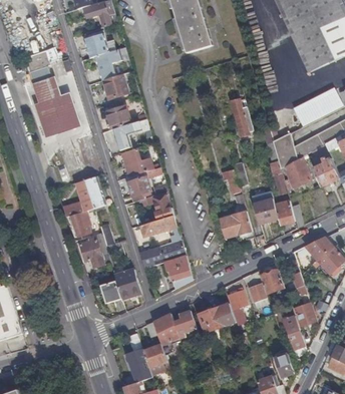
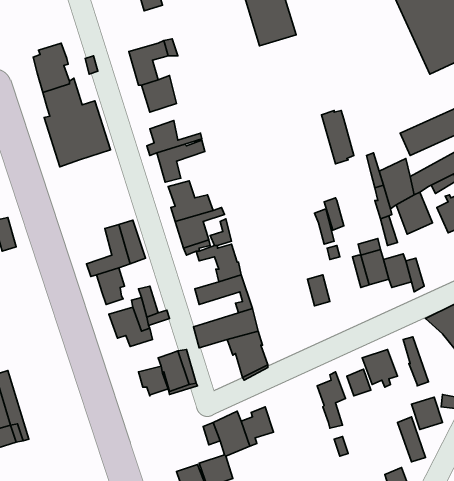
building: [83,30,113,57] -> none
building: [231,212,253,239] -> none
building: [198,303,235,332] -> none

